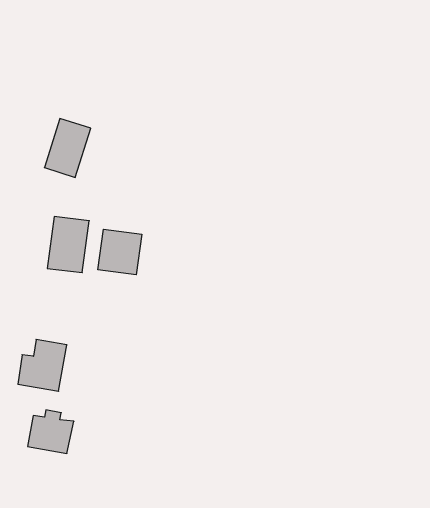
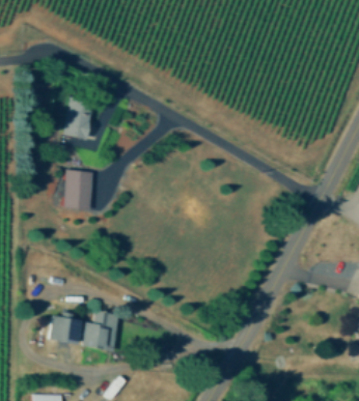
building: [98,229,142,275] -> none
building: [18,339,67,391] -> [82,311,118,349]

